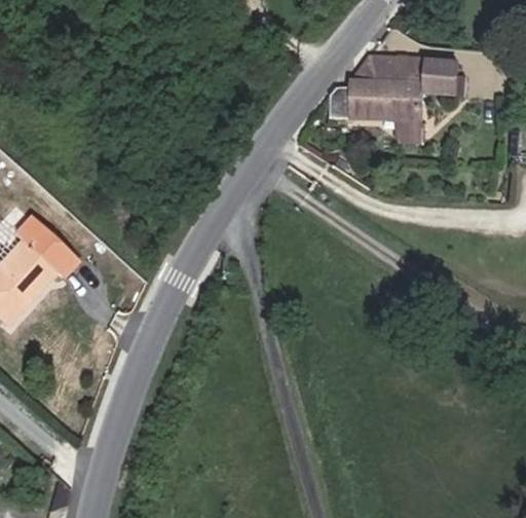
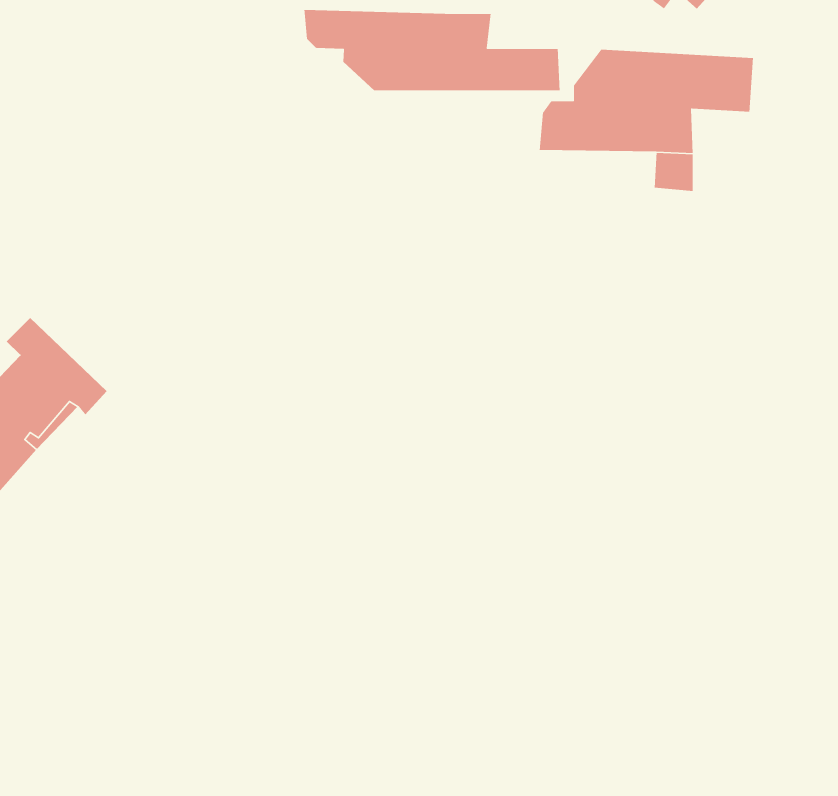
building: none -> [304,9,560,91]

